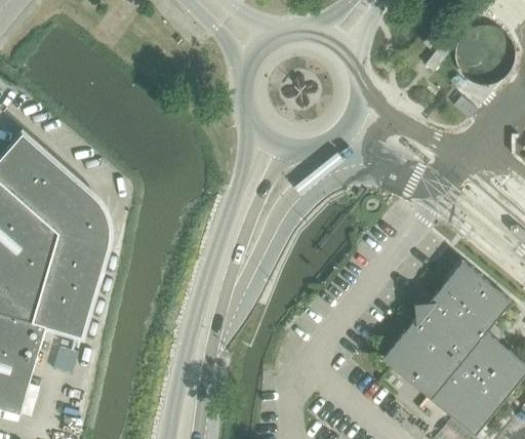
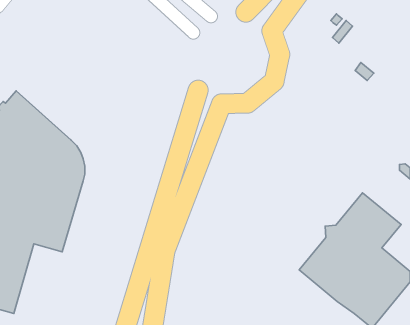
building: [453,26,510,82] -> none

